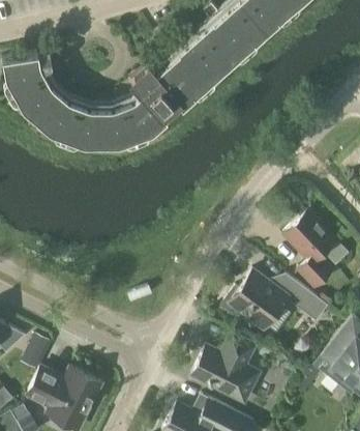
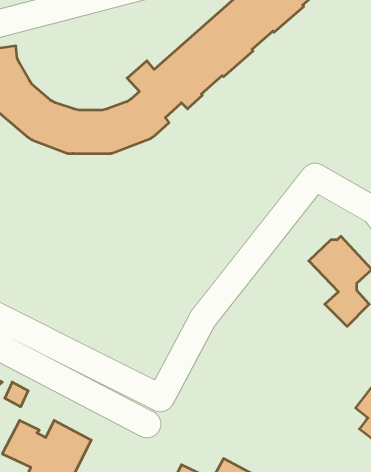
building: [223,270,321,329] -> none
building: [192,333,261,403] -> none

